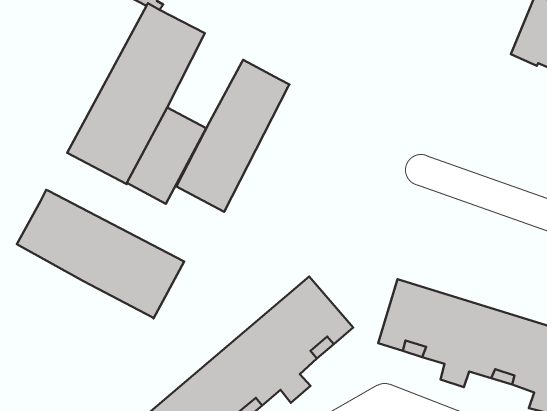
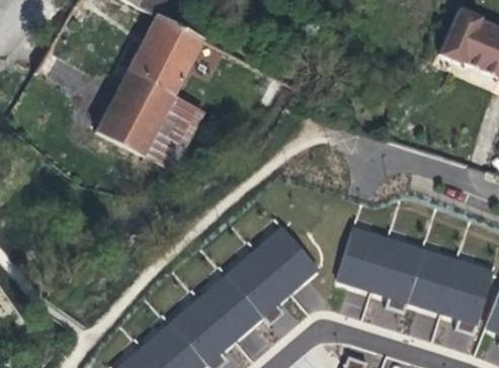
building: [176,60,289,212] -> none
building: [17,190,184,318] -> none

